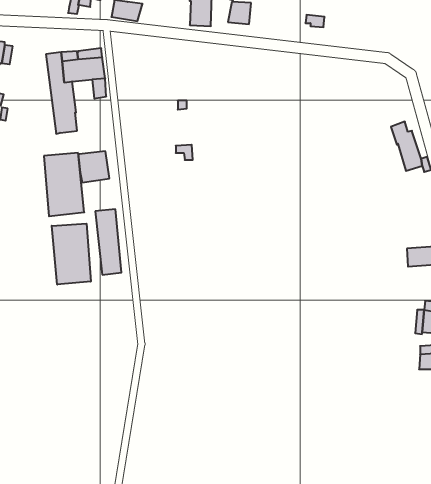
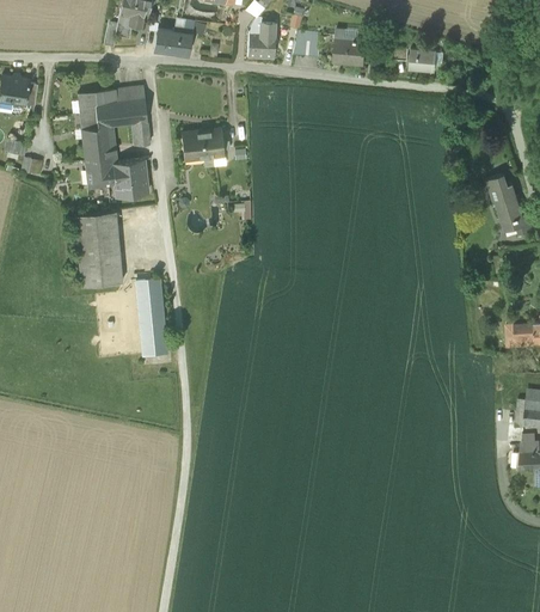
building: none -> [333,37,367,65]
building: none -> [410,49,437,71]
building: none -> [182,128,225,159]
building: [78,151,109,182] -> [112,159,149,196]
building: [52,224,91,285] -> none

